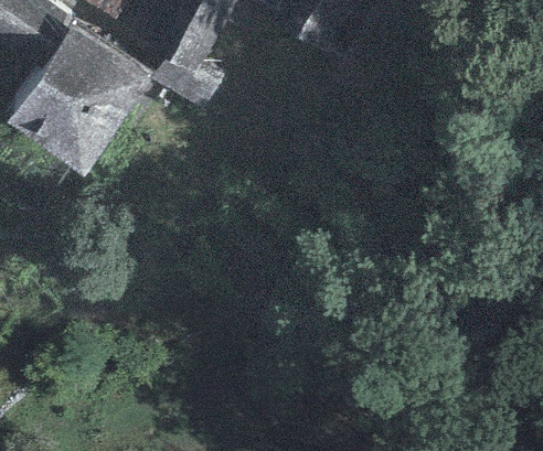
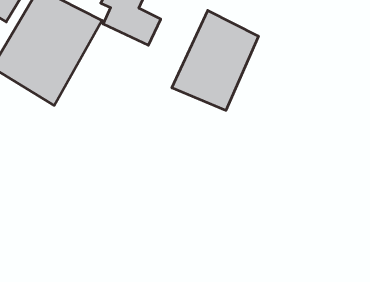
building: none -> [172,10,258,110]

